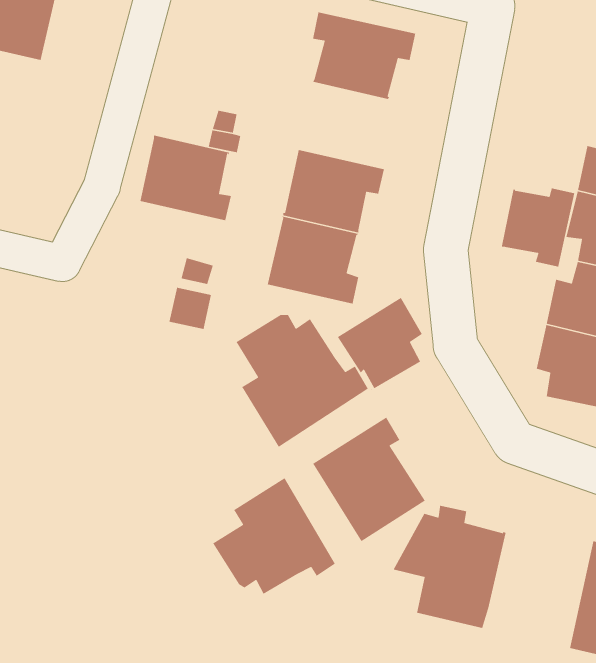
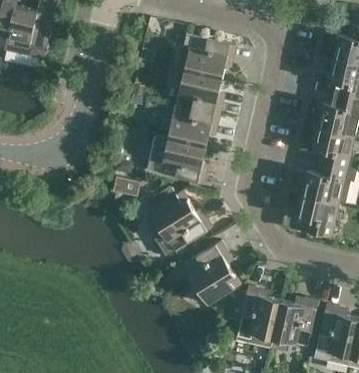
building: [139,135,232,221] -> [175,69,223,113]
building: [501,187,575,268] -> none
building: [337,297,423,391] -> none
building: [212,477,336,595] -> none
building: none -> [273,298,318,345]

